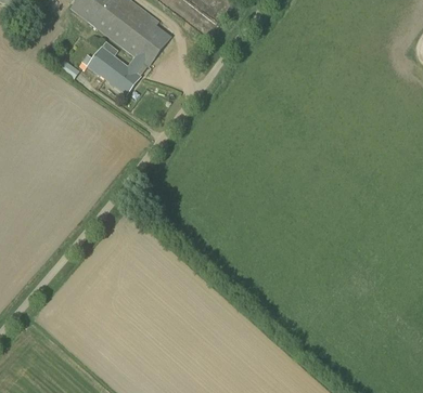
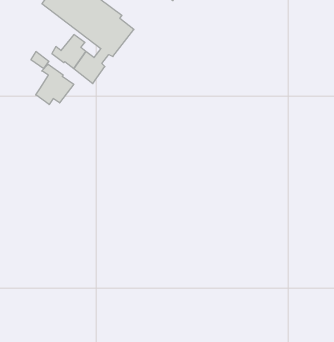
building: none -> [36,64,74,105]

